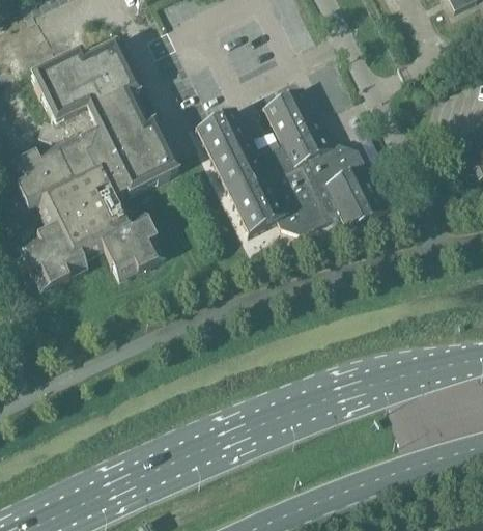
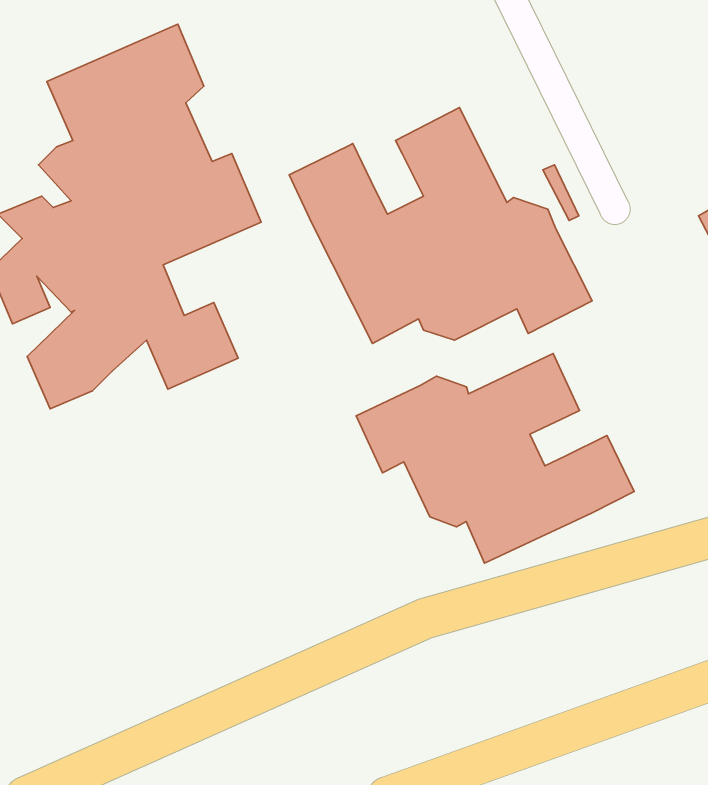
building: none -> [356,354,634,563]

